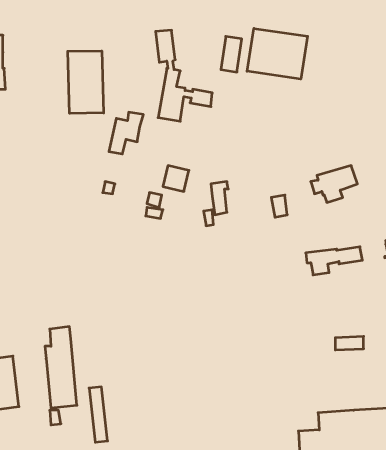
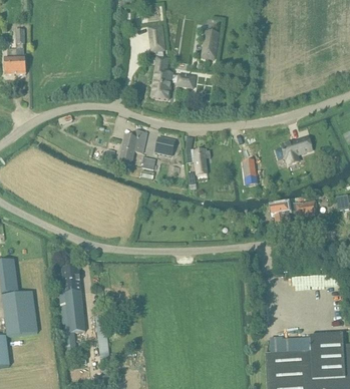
building: [247,28,308,79] -> none
building: [68,51,104,113] -> none
building: [109,112,143,154] -> [119,129,147,163]

